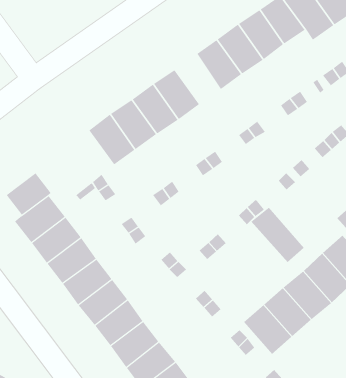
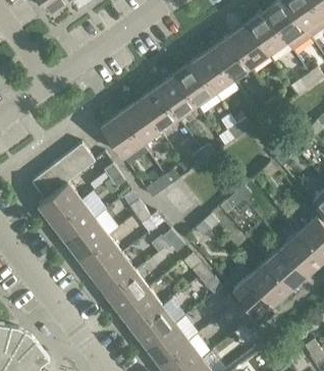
building: none -> [174,62,213,105]
building: none -> [56,144,95,180]
building: [251,207,304,263] -> none

